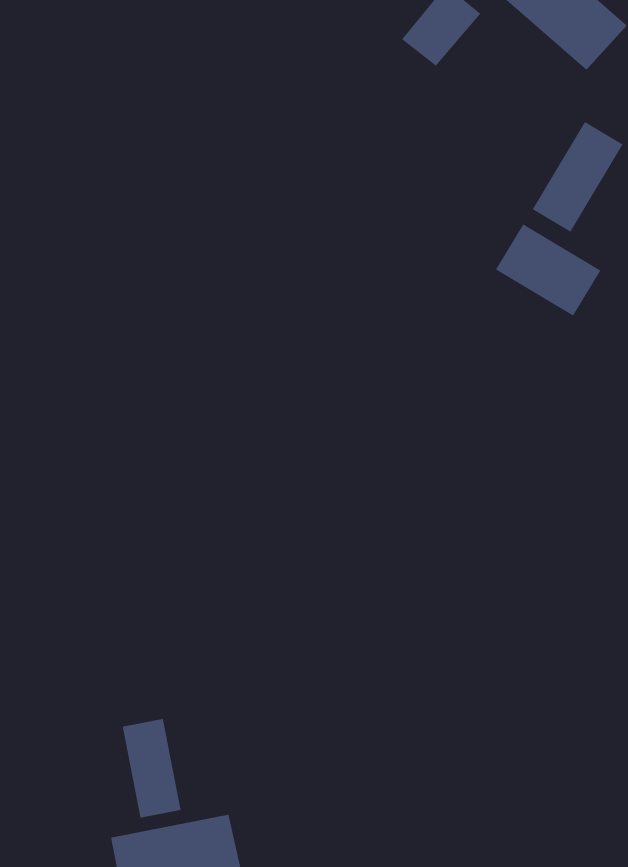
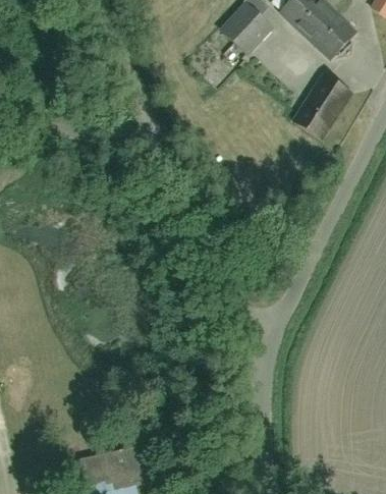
building: [495,223,601,317] -> none
building: [122,718,181,818] -> none

